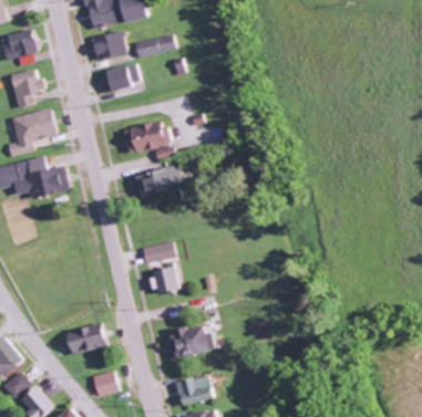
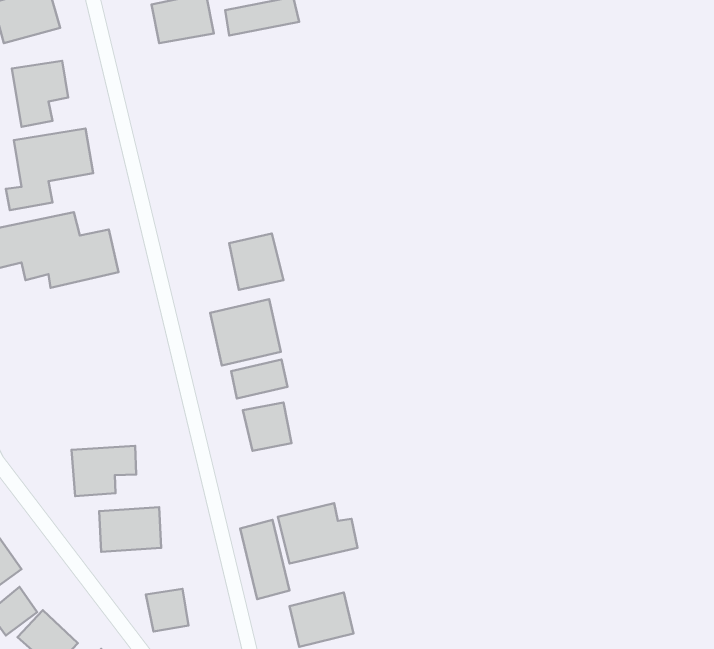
building: [106,65,140,93] -> none
building: [127,121,177,160] -> none
building: none -> [210,299,281,365]
building: none -> [71,446,136,496]
building: none -> [240,520,290,599]

